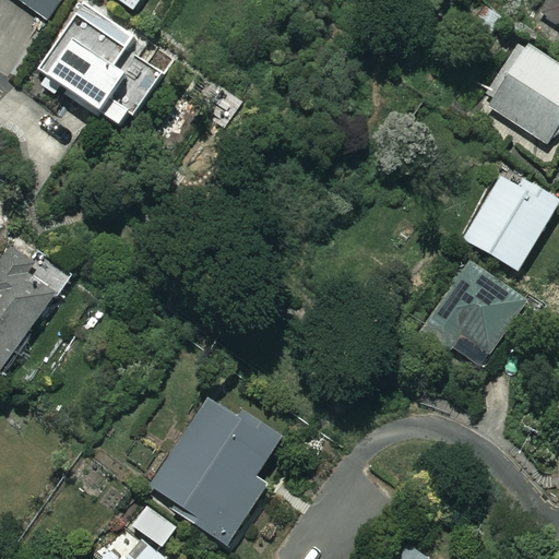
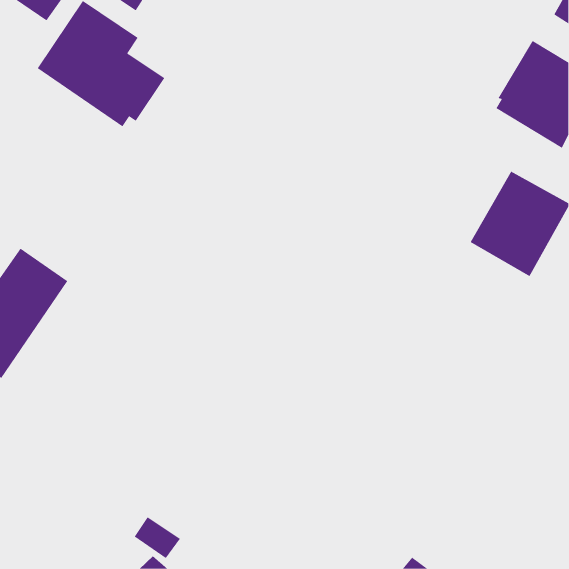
building: [438,266,522,348] -> none
building: [150,393,283,544] -> none

